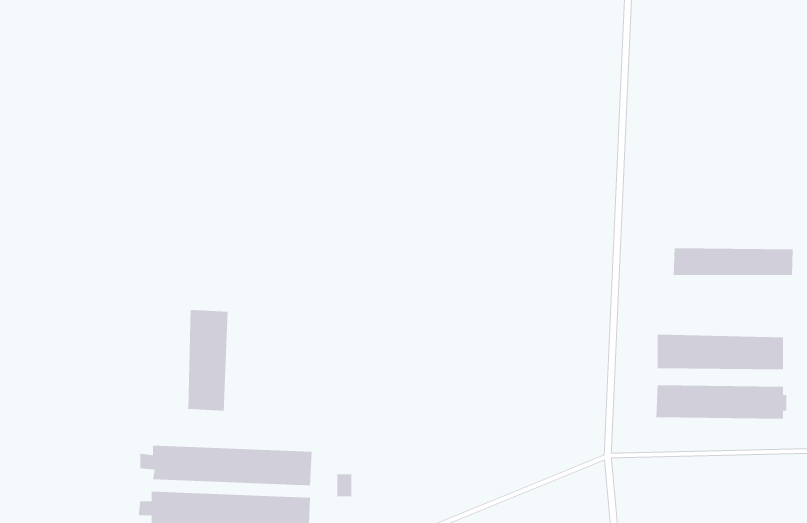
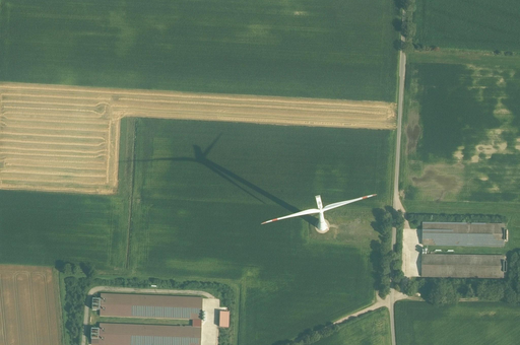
building: [673,247,794,276] -> none
building: [188,309,229,411] -> none

